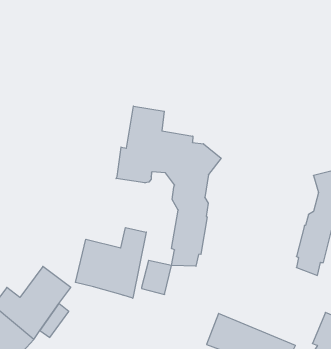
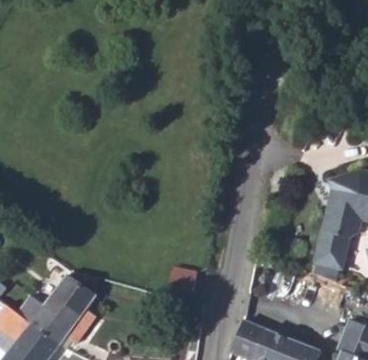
building: [116,106,221,266] -> none
building: [75,228,146,298] -> none

